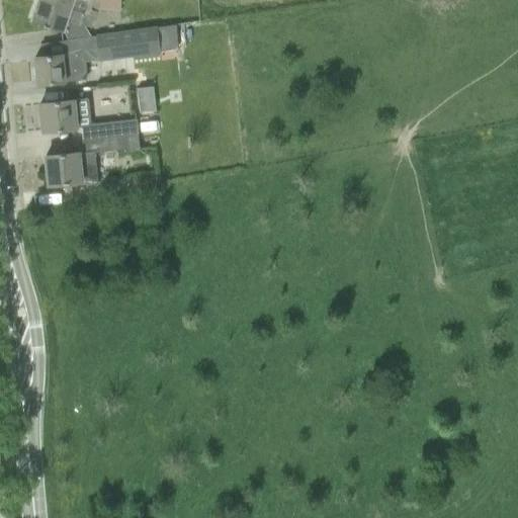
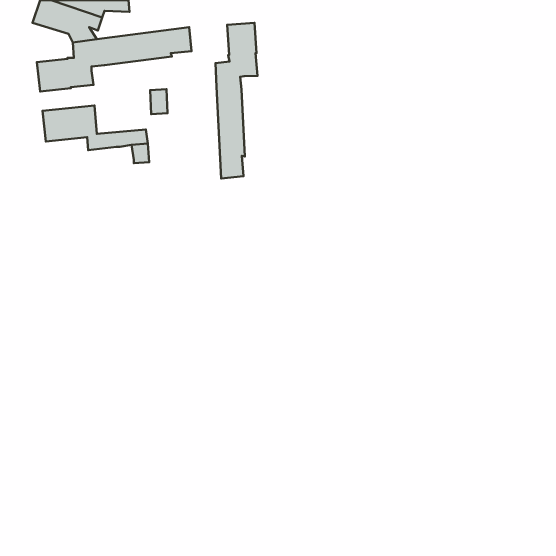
building: none -> [215,23,257,178]
building: [45,137,112,185] -> none

